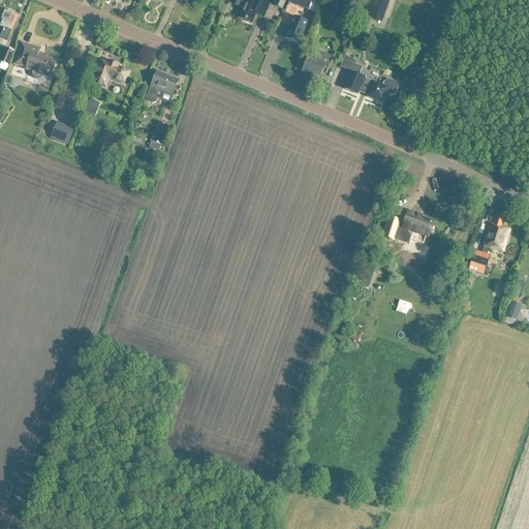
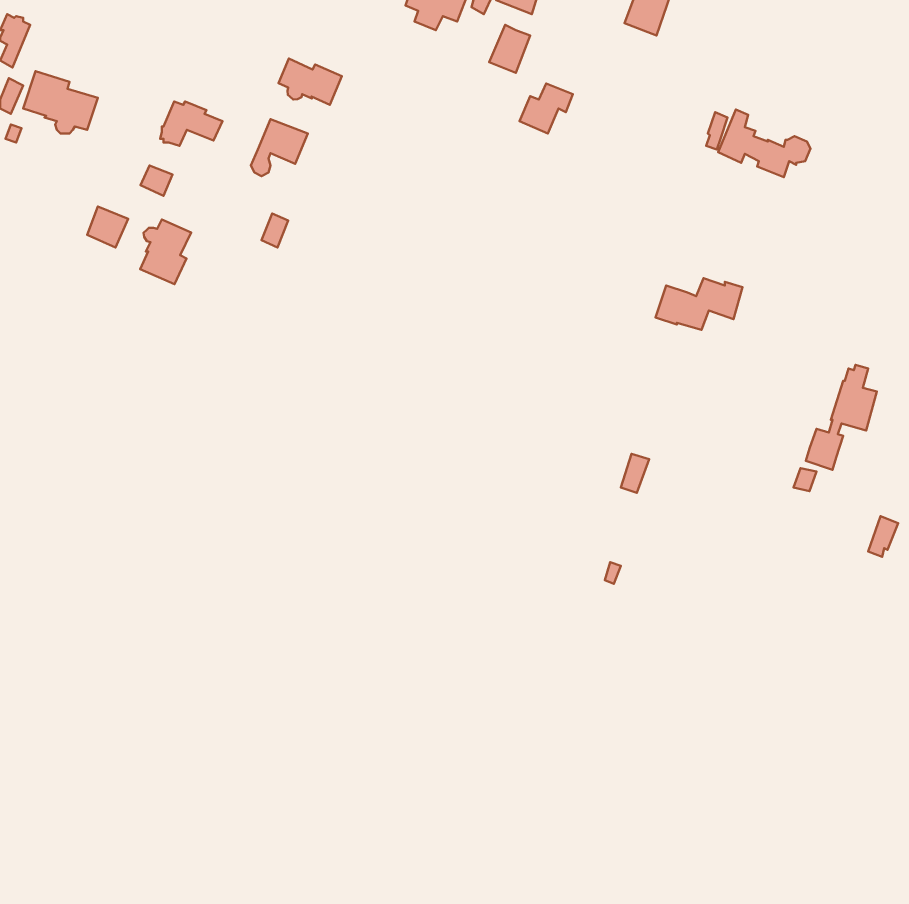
building: none -> [279,59,342,105]
building: [344,62,398,101] -> [718,110,811,177]
building: none -> [140,220,191,284]
building: [381,212,432,242] -> [655,278,743,330]

